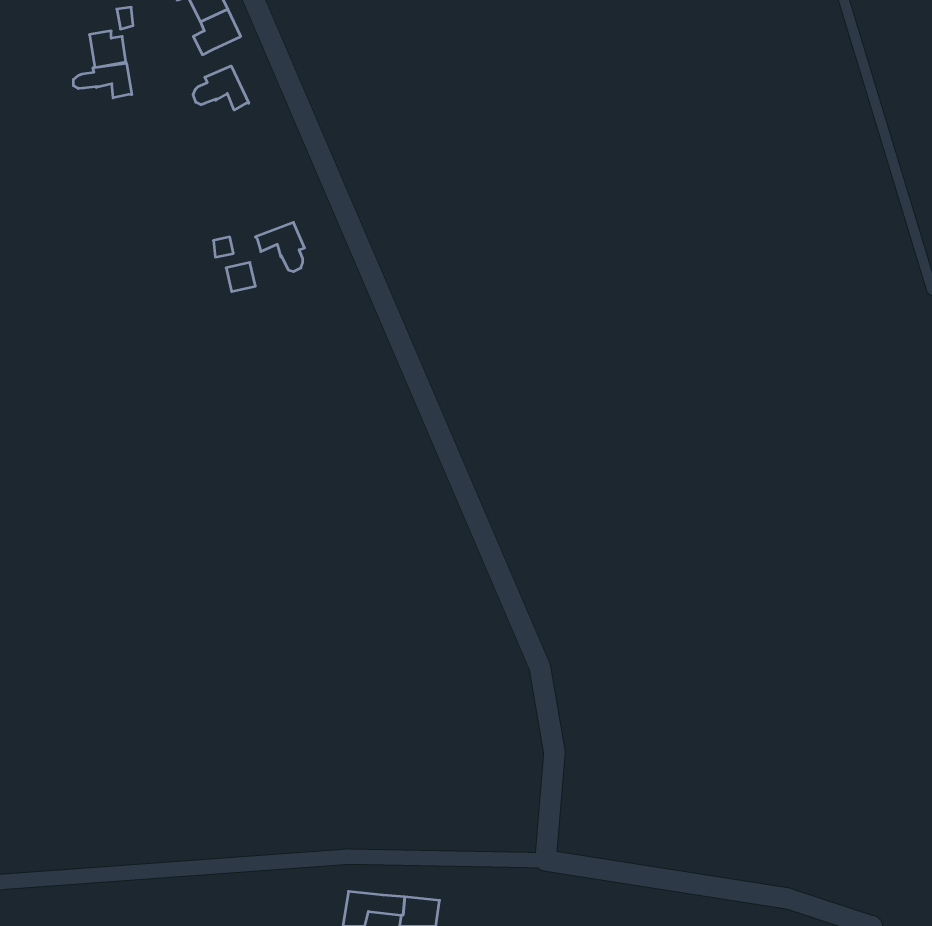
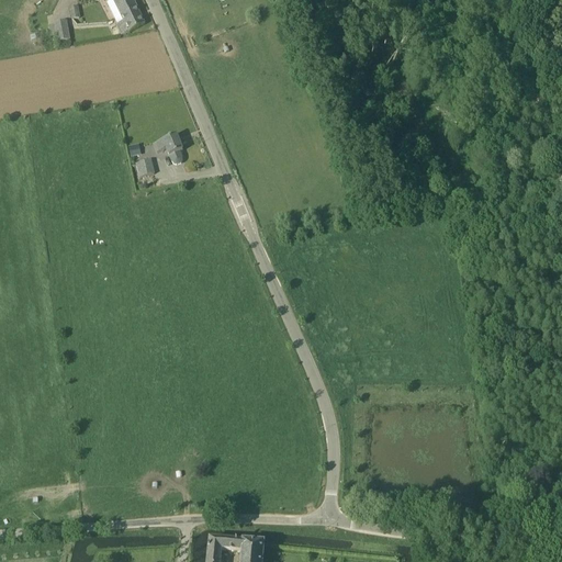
building: [73,63,132,98] -> none
building: [193,66,249,110] -> none

